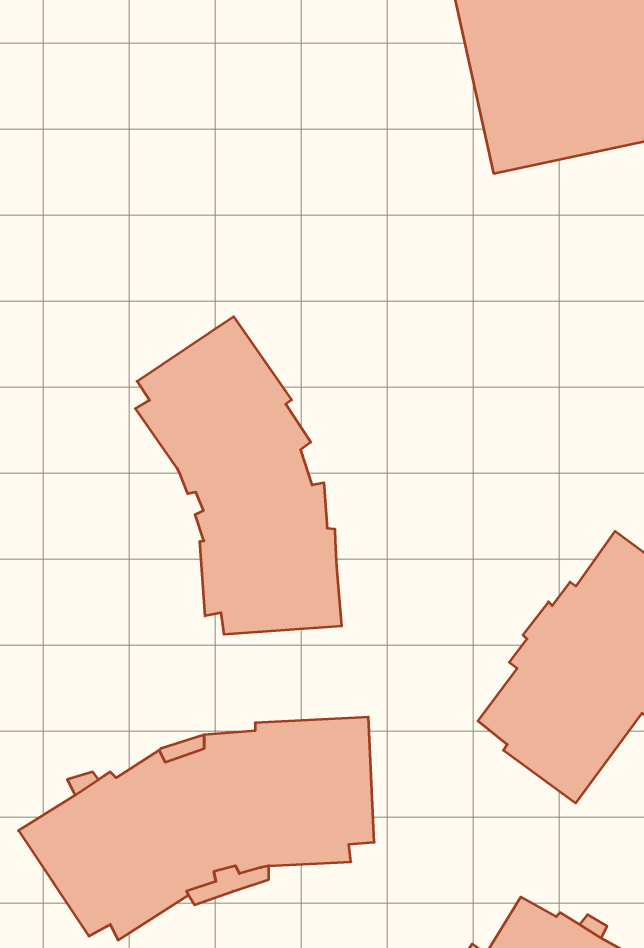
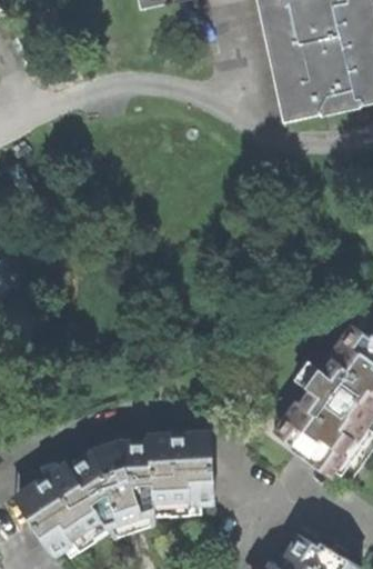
building: [135,317,342,634] -> none

